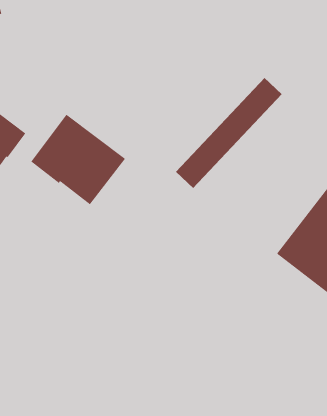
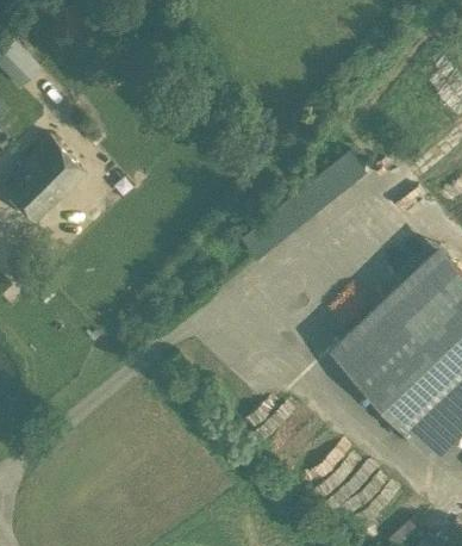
building: [31,114,126,205] -> none

